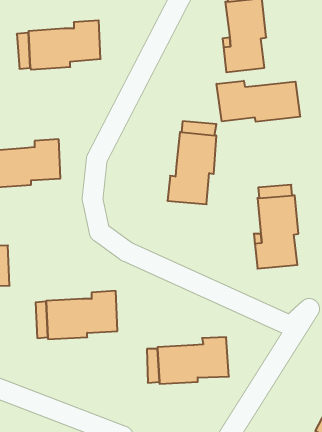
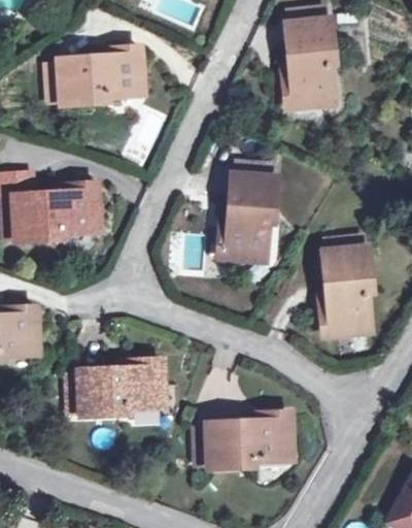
building: [217,81,300,122] -> none

